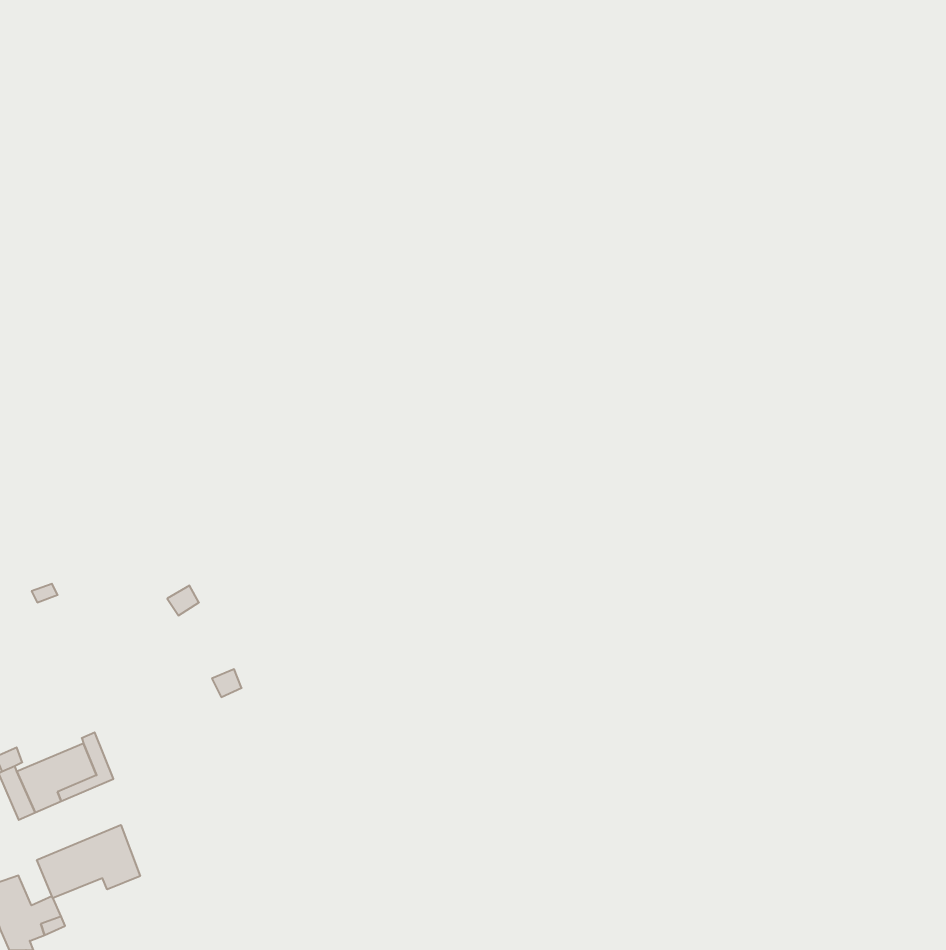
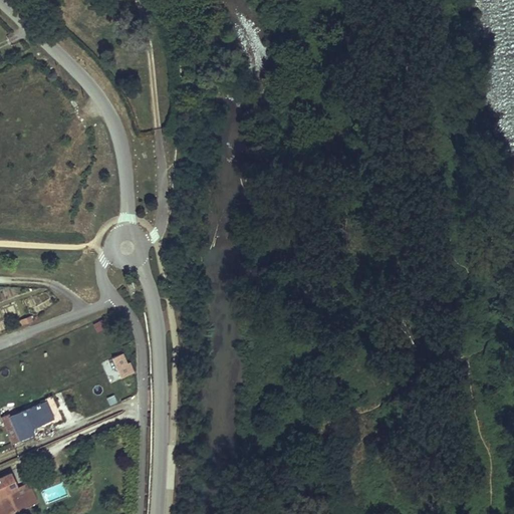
building: [37,825,140,898] -> none

